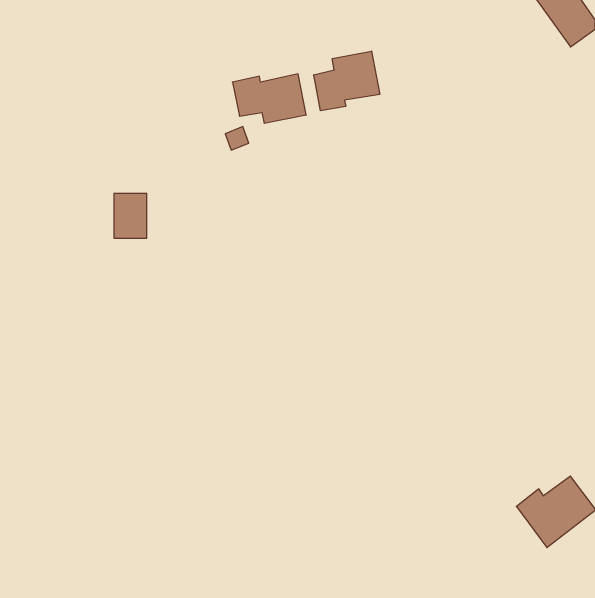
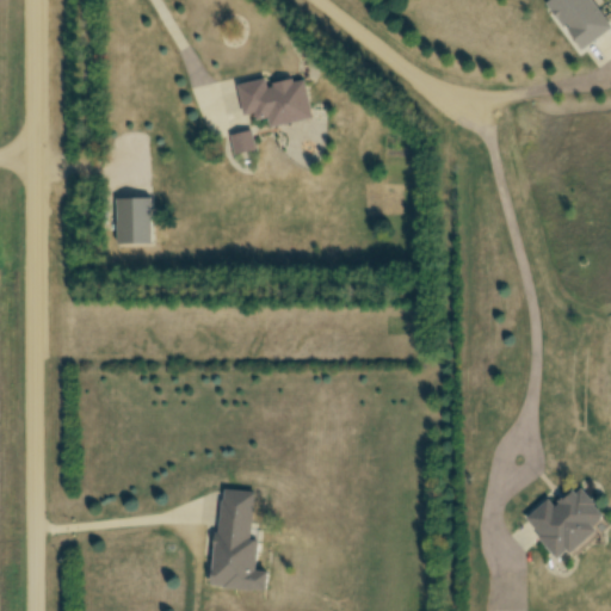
building: [314,51,380,111] -> none
building: none -> [211,488,266,591]

